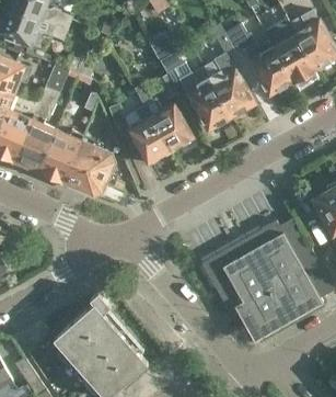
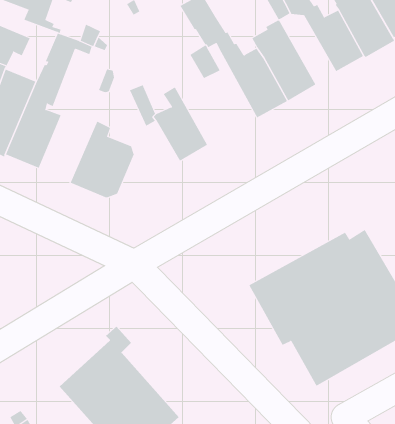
building: [134,86,193,152] -> none
building: [37,129,83,183] -> none

